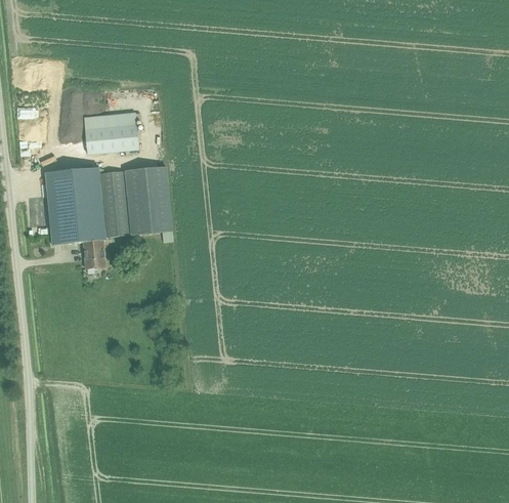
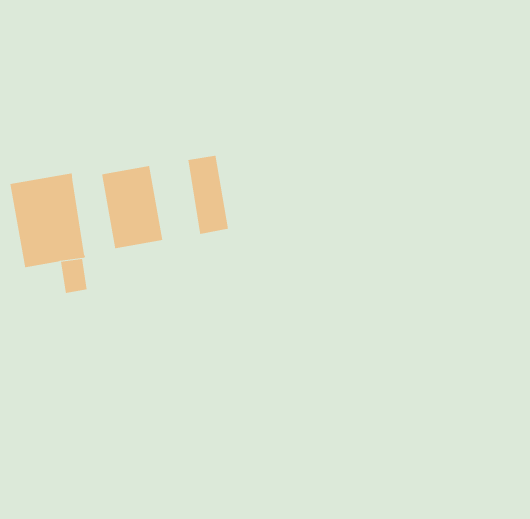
building: [84,112,138,154] -> none
building: [99,170,130,237] -> [188,155,229,235]

